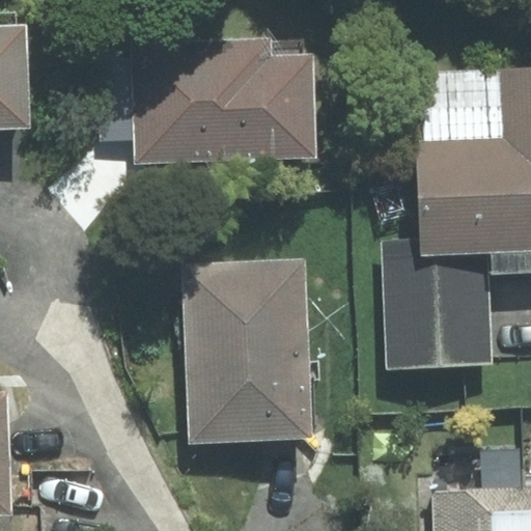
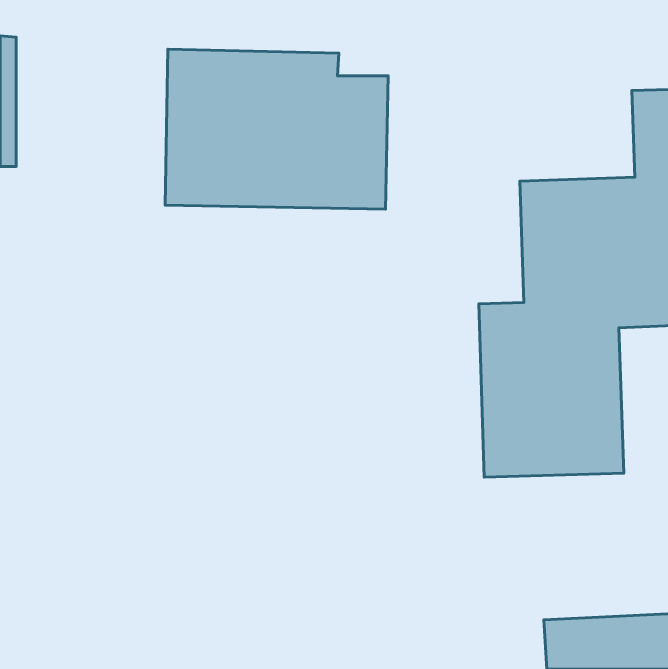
building: [187,262,304,442] -> none

